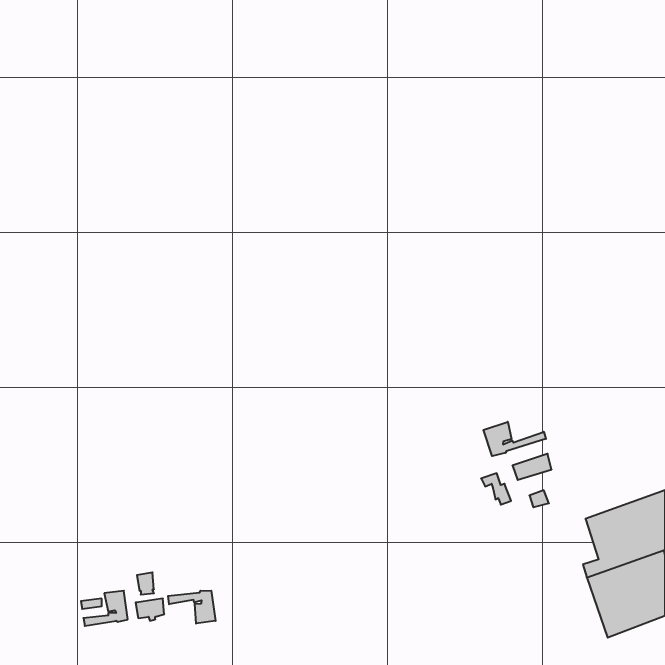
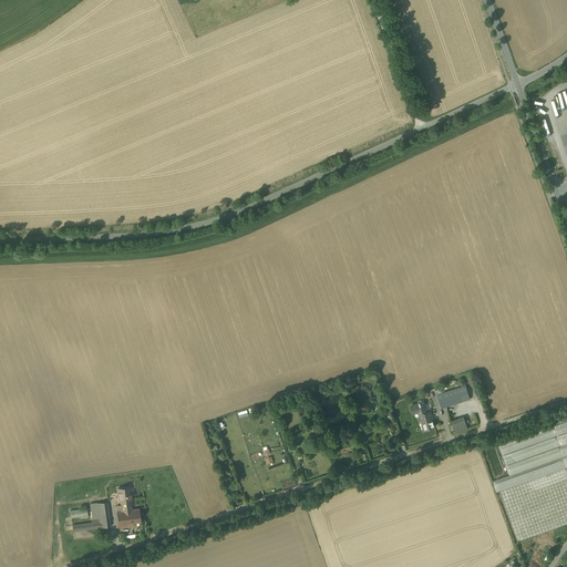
building: [483,422,546,456] -> none
building: [168,591,216,624] -> none

